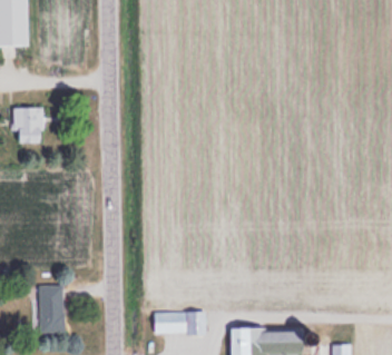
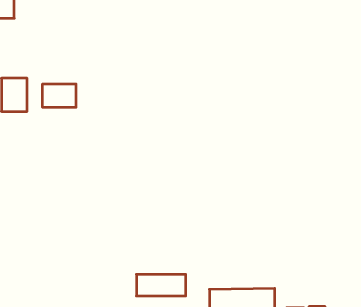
building: none -> [43,84,76,107]
building: [39,286,66,334] -> none

